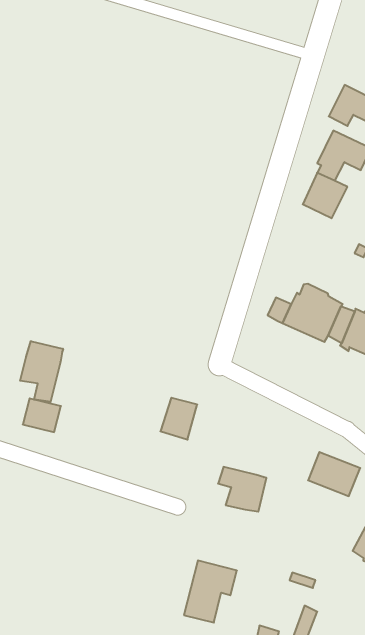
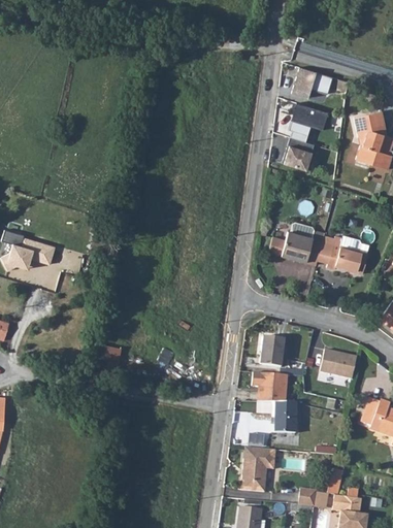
building: [20,341,63,402] -> none
building: [160,398,197,440] -> [259,336,284,366]
building: none -> [274,402,295,433]

